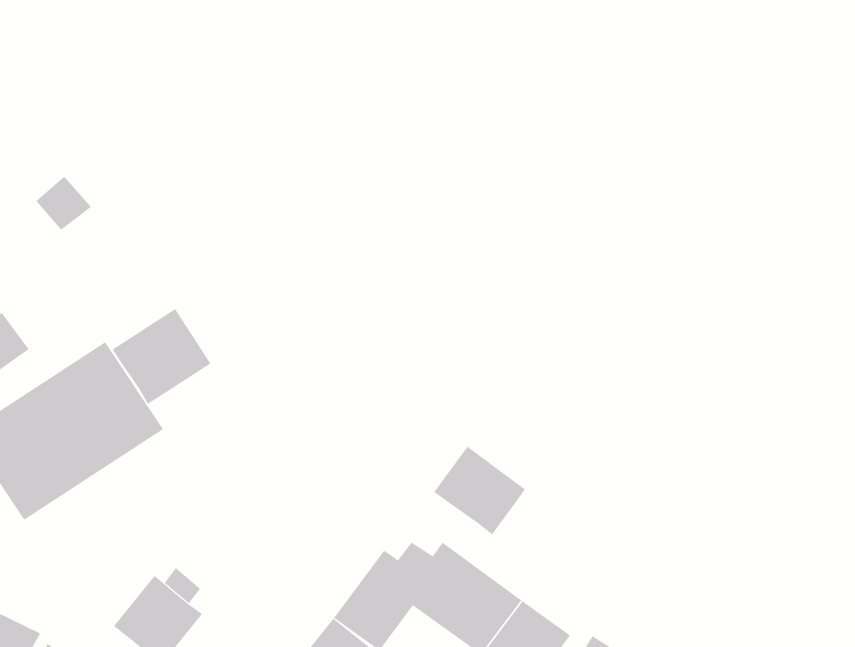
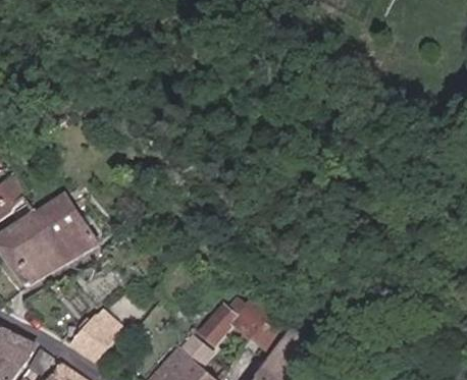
building: [112,308,211,405] -> none
building: [434,446,526,535] -> none

